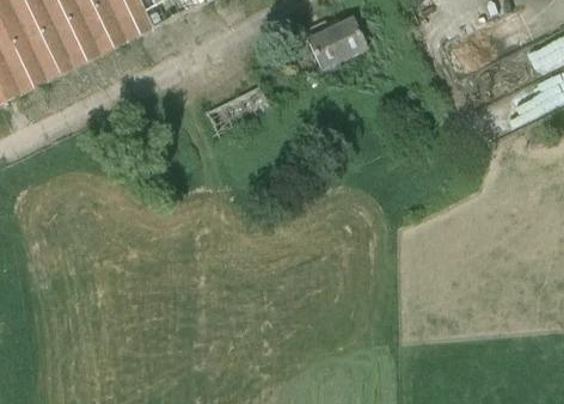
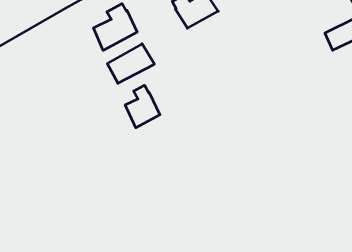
building: none -> [94,4,137,50]
building: none -> [125,85,160,128]

